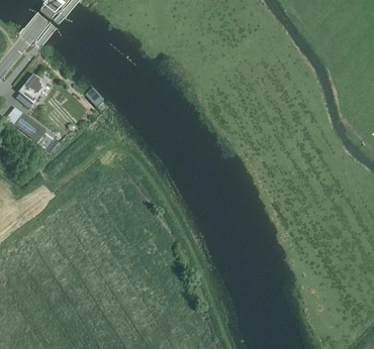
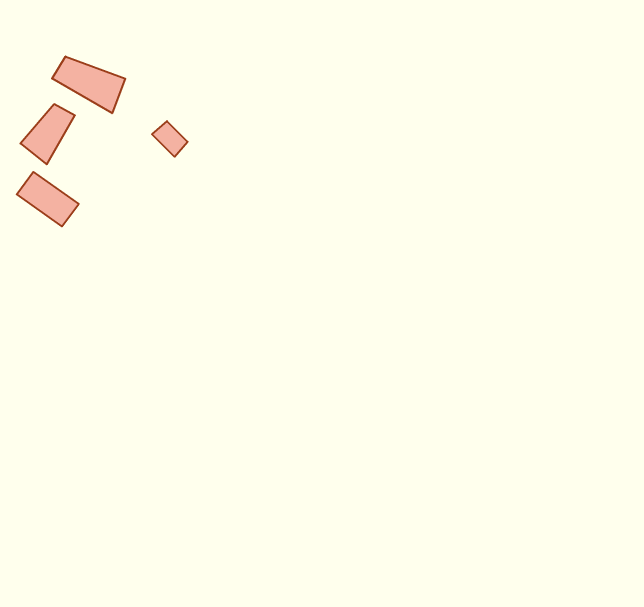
building: none -> [52,56,125,113]

